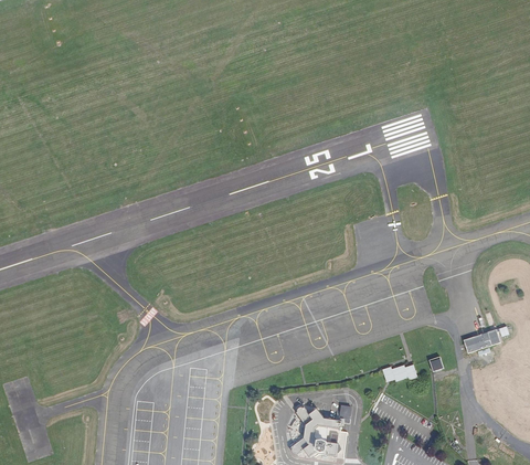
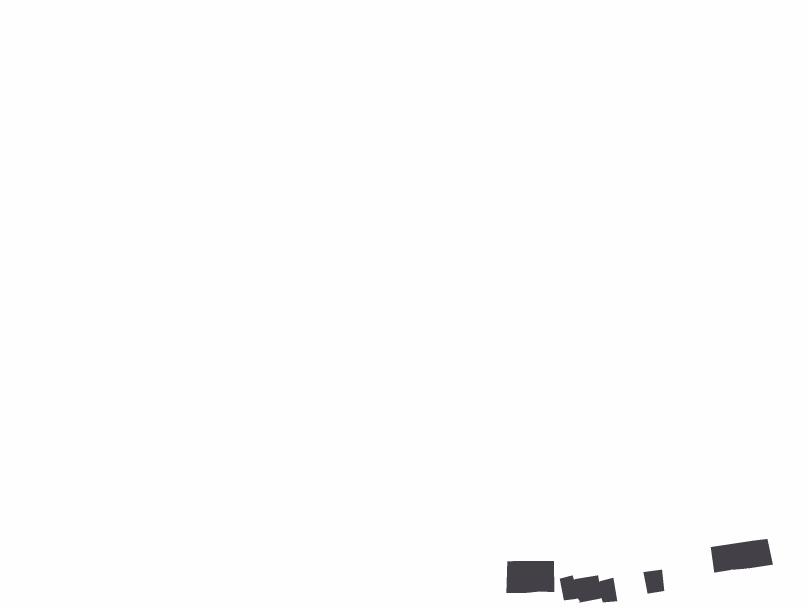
building: none -> [506,560,555,594]

